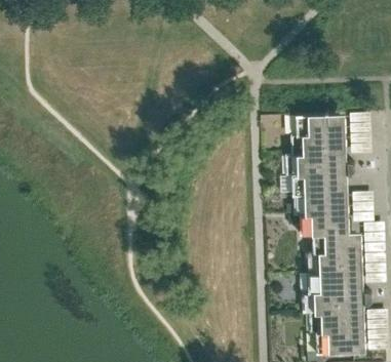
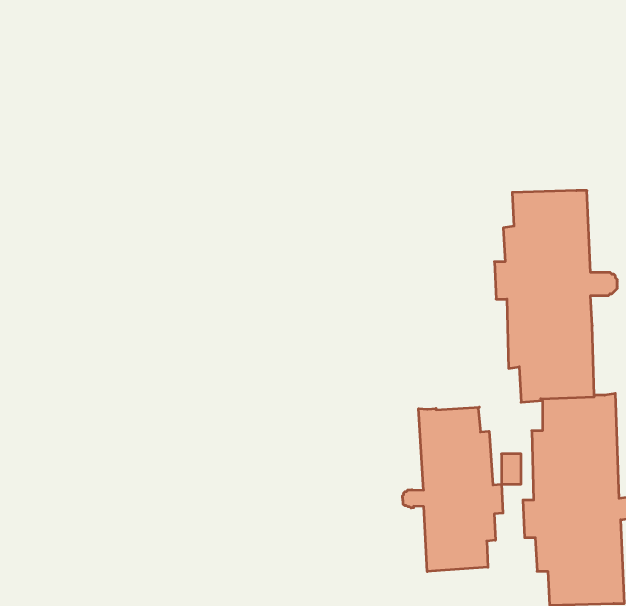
building: none -> [402,407,503,572]

